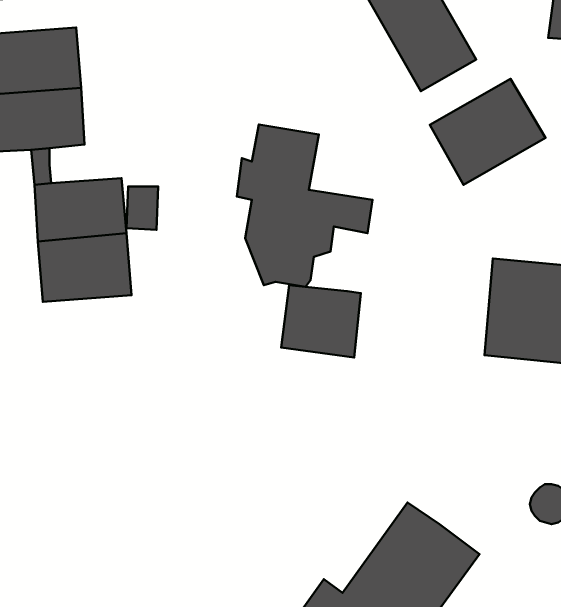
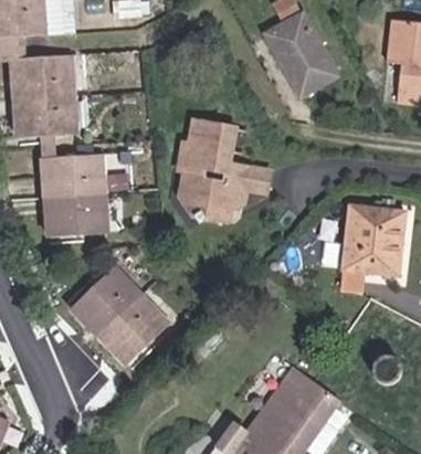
building: [430,79,546,185] -> none
building: [281,285,361,357] -> none
building: none -> [72,267,169,363]

